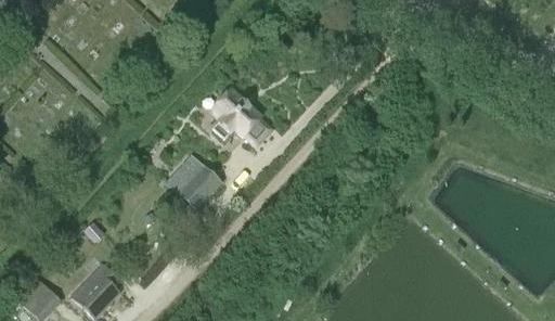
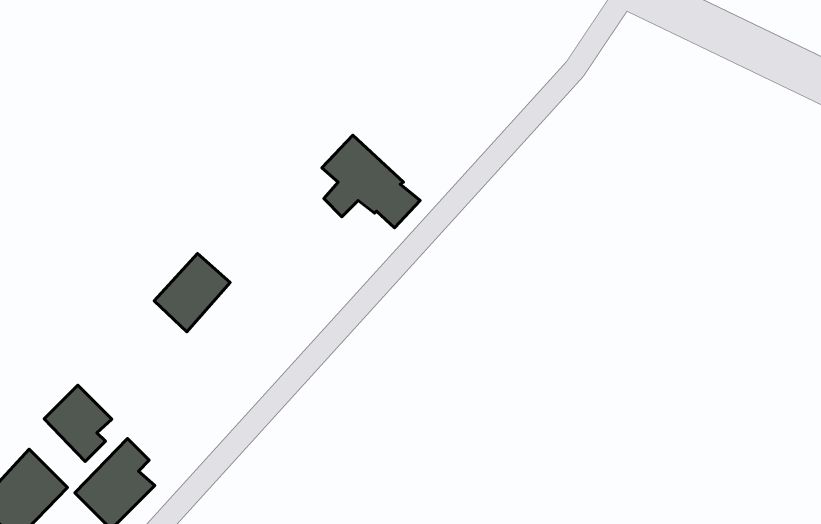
building: [177,163,222,209] -> [154,254,230,332]
building: none -> [44,385,112,462]

